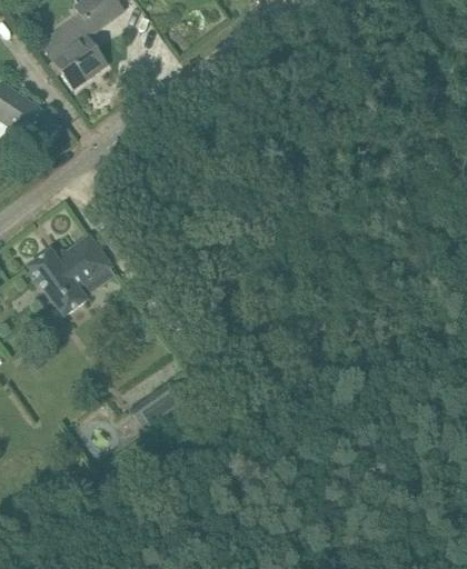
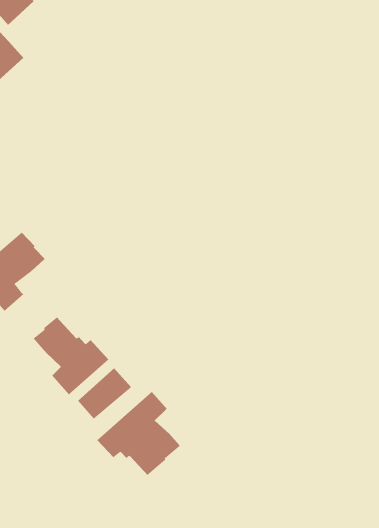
building: none -> [33,316,109,395]
building: none -> [96,391,181,476]

